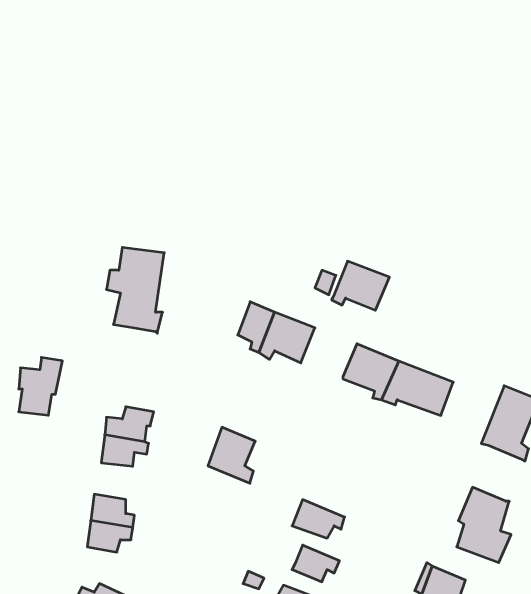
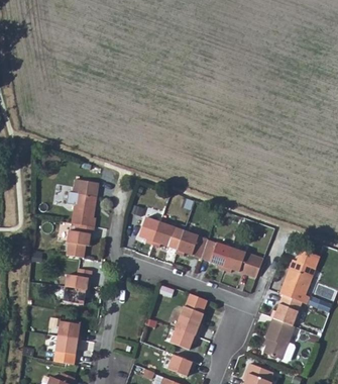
building: [332,261,389,310] -> [175,226,208,255]
building: [19,357,62,415] -> [67,226,92,260]
building: [208,427,255,483] -> [177,303,204,335]
building: none -> [270,294,303,326]

